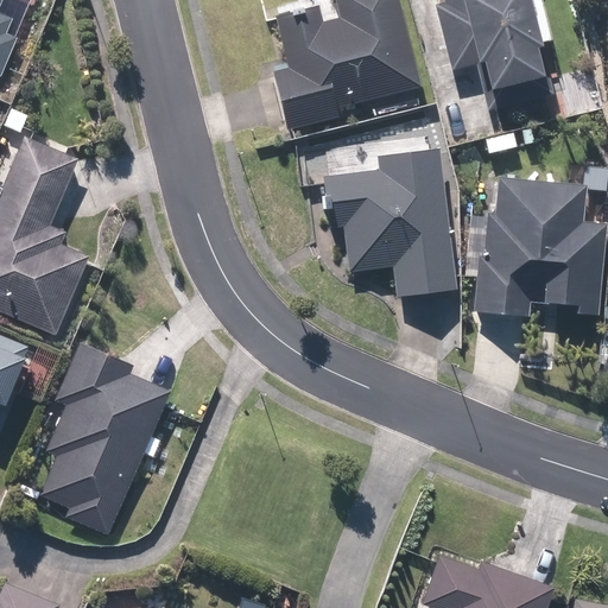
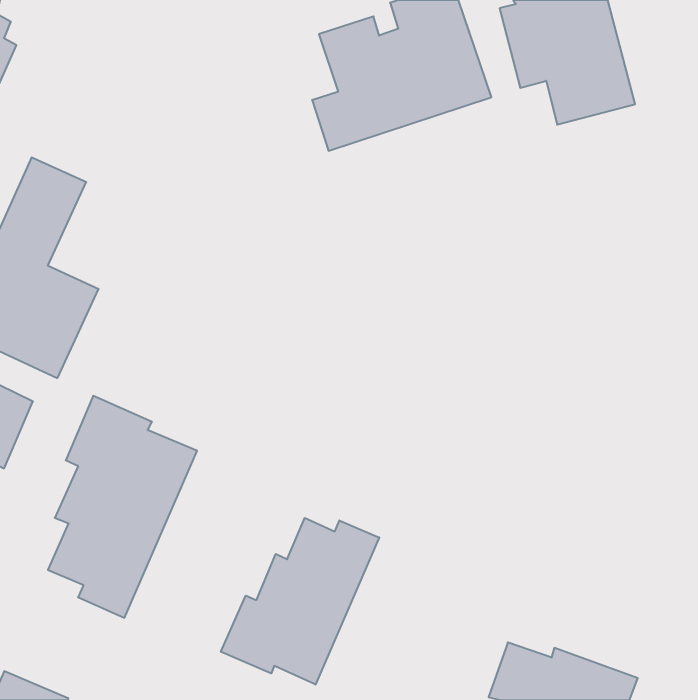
building: [324,158,449,286] -> none
building: [475,183,601,306] -> none
building: none -> [221,518,379,685]

